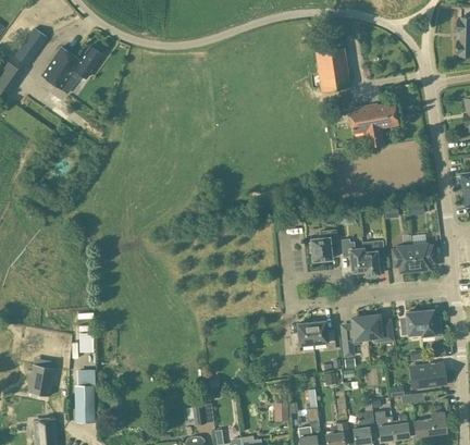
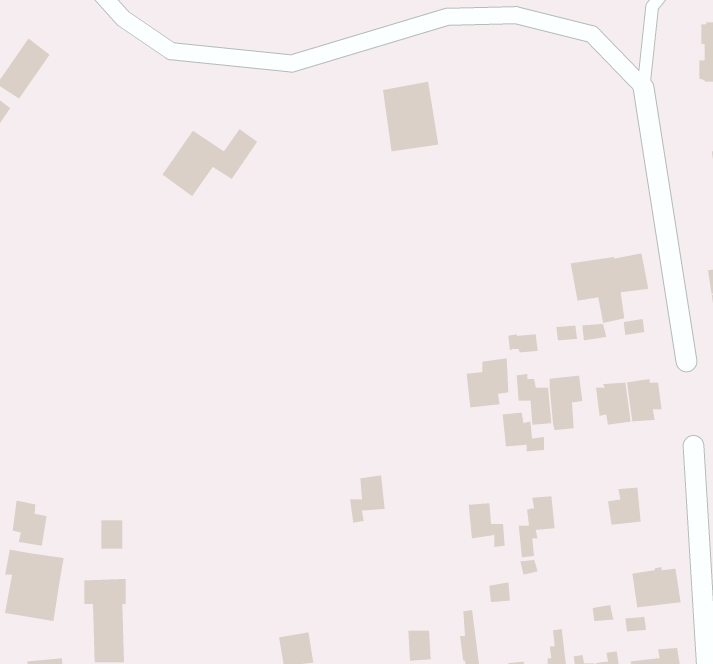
building: [41,46,102,89] -> [162,128,258,197]
building: [316,47,351,91] -> [382,81,439,152]
building: [349,102,399,147] -> [570,253,649,324]
building: [419,310,443,337] -> none
building: [364,316,392,341] -> [502,412,545,452]
building: none -> [12,500,47,547]
building: [290,322,313,353] -> [349,475,385,523]

